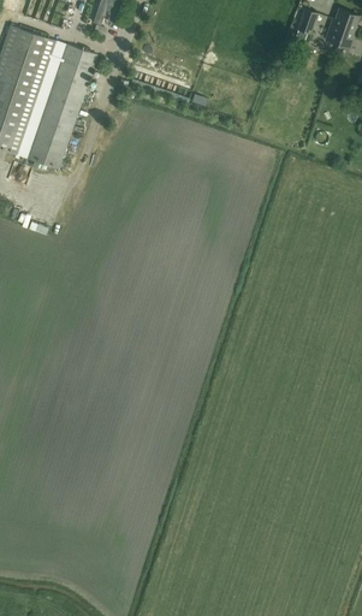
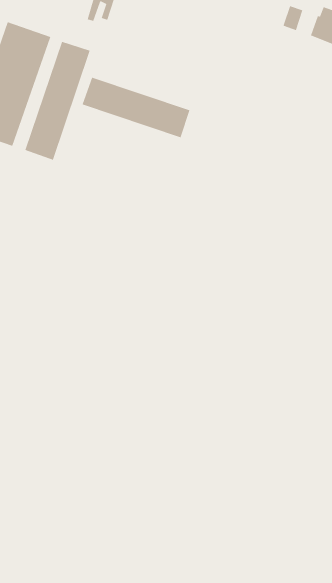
building: none -> [82,77,190,138]

